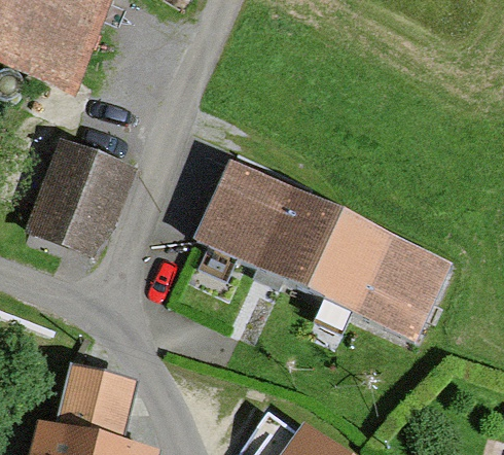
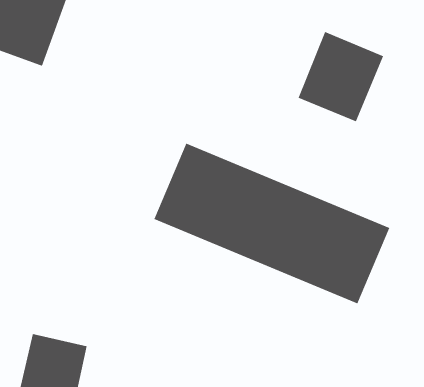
building: none -> [298,31,384,122]
building: [45,141,137,255] -> none

